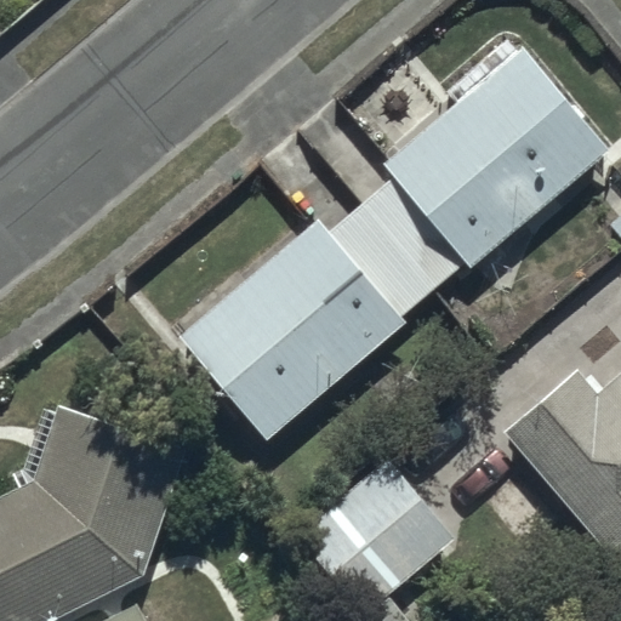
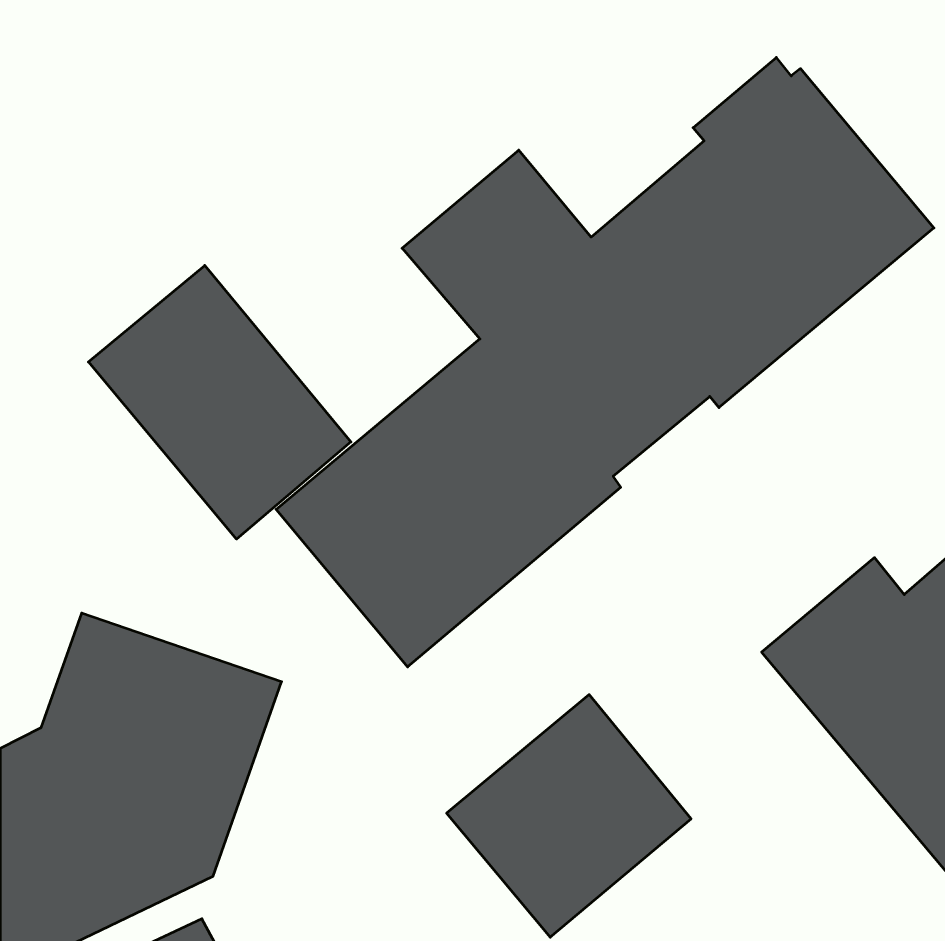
building: none -> [88,265,351,539]

